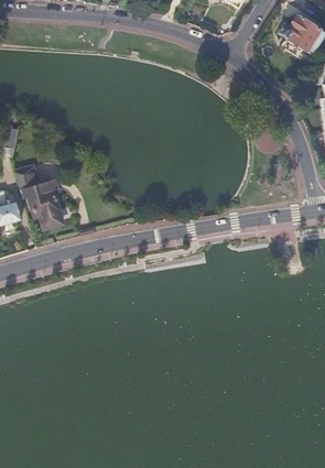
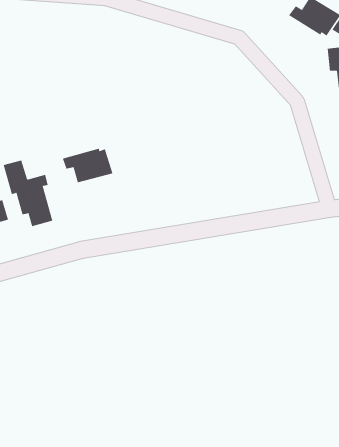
building: none -> [62,148,113,183]

